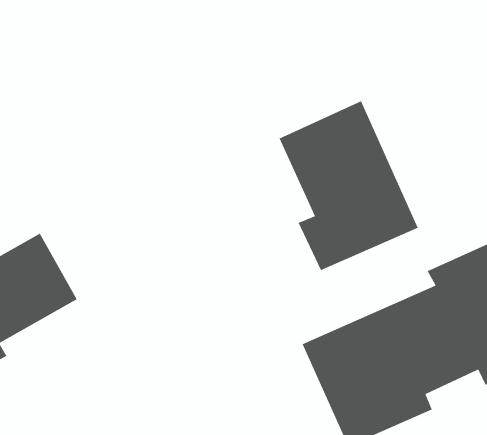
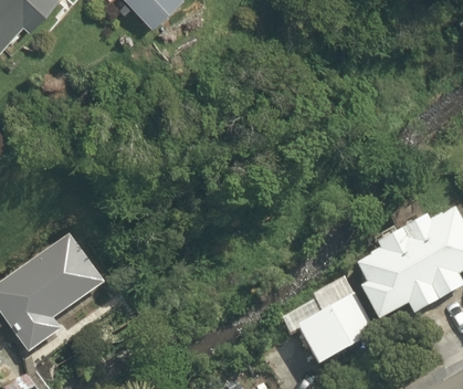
building: [279,100,419,271] -> none

